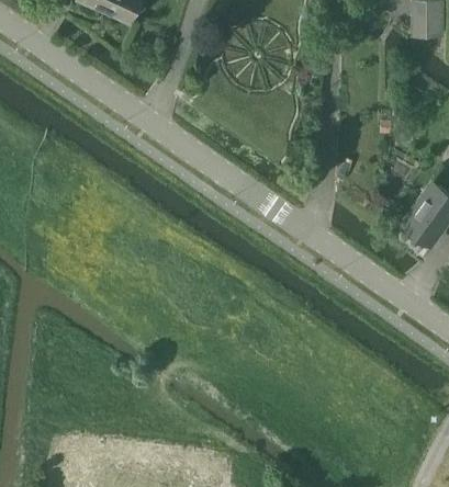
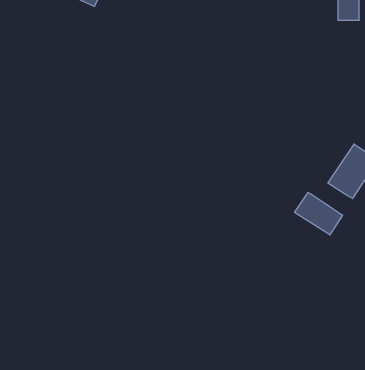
building: none -> [295,192,343,235]

